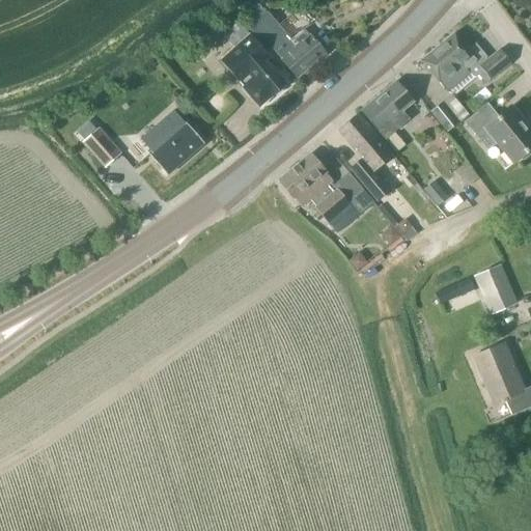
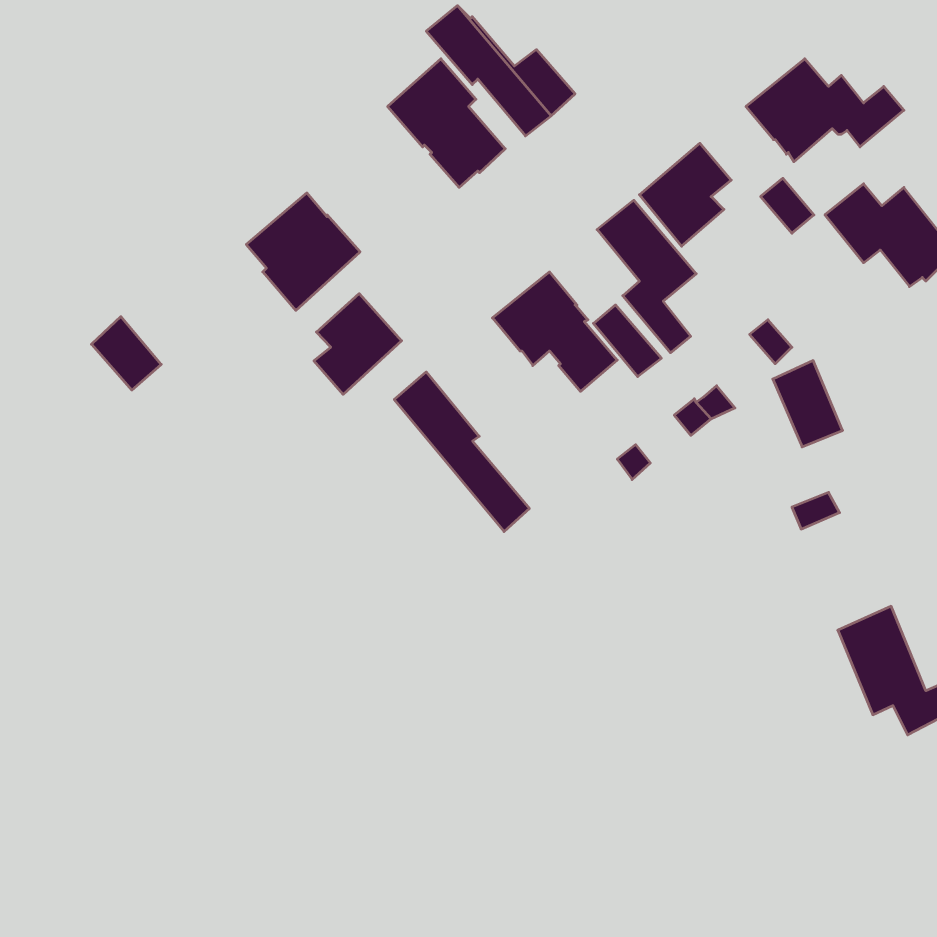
building: [83,125,122,167] -> [91,317,161,390]
building: none -> [314,294,402,394]
building: none -> [394,372,529,532]
building: [475,264,514,313] -> [773,361,843,447]

